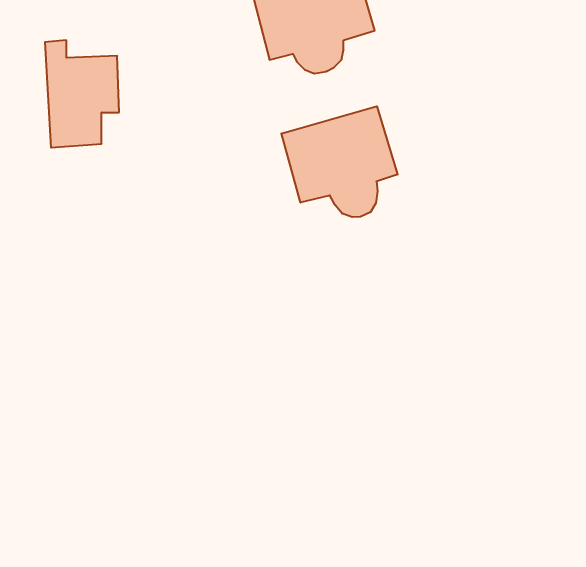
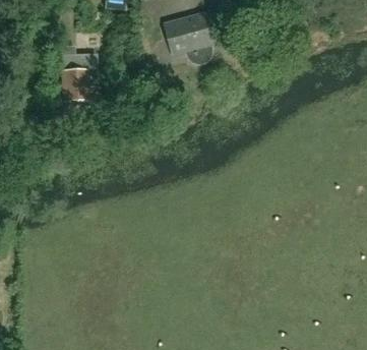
building: [281,106,398,217] -> none

